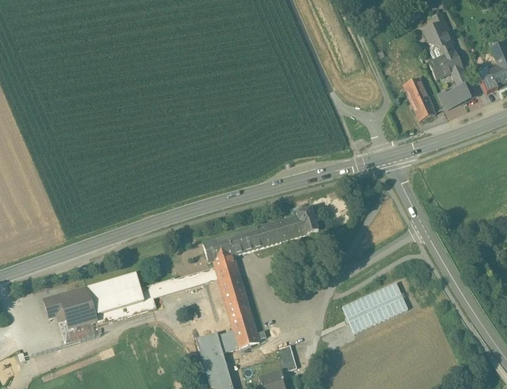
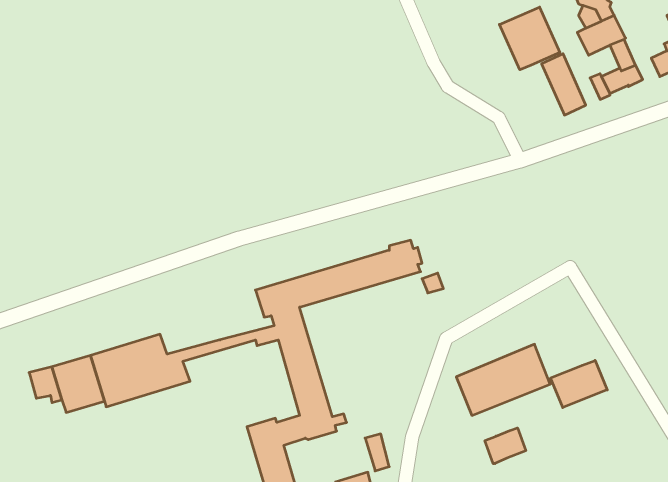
building: none -> [499,7,560,70]
building: none -> [551,360,607,408]
building: none -> [485,428,526,464]

